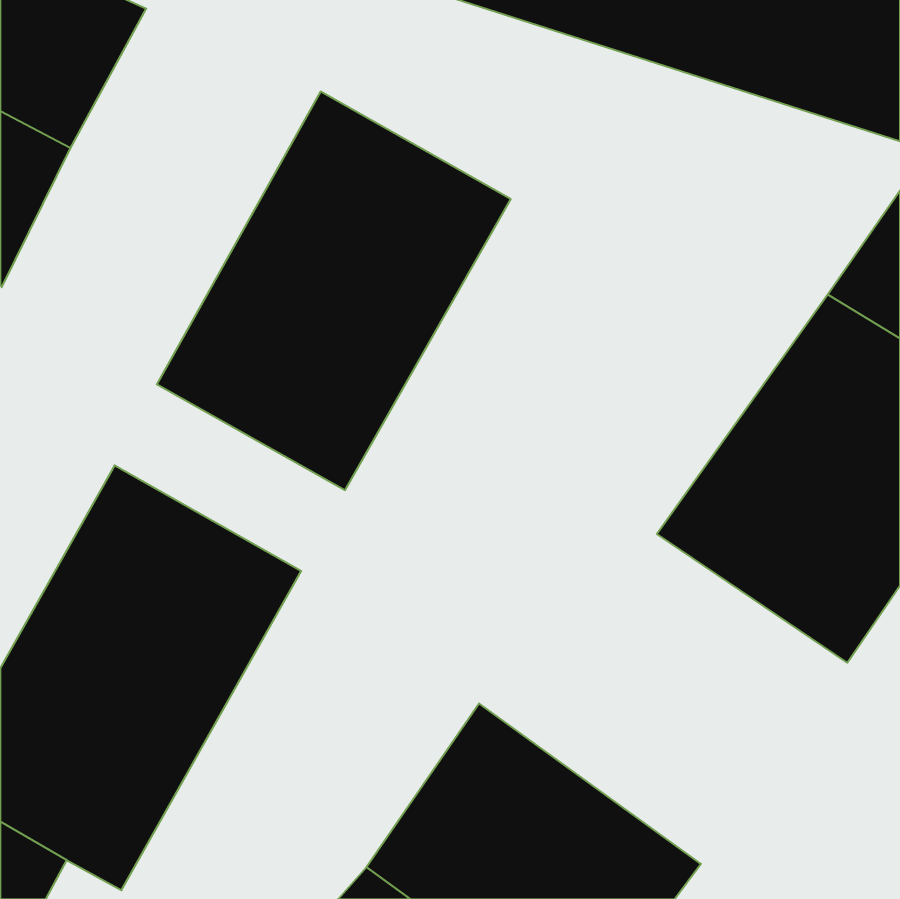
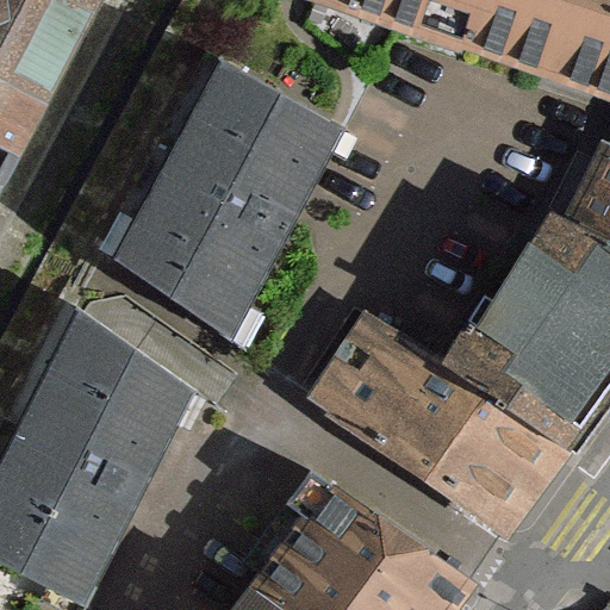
building: none -> [310,310,573,535]

